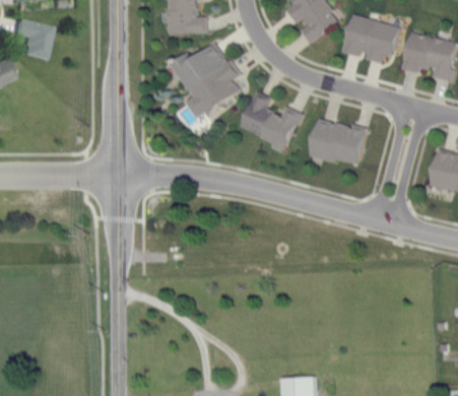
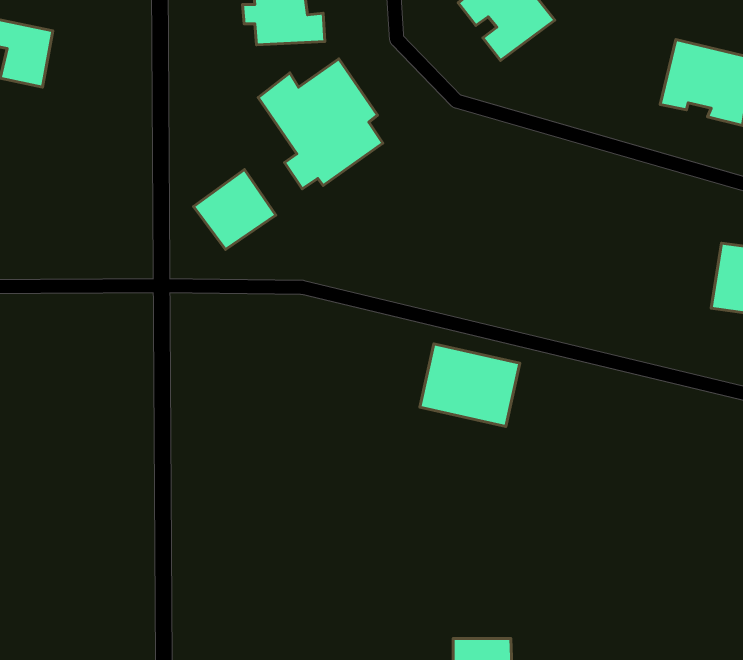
building: [340,13,401,63] -> none
building: [240,91,300,152] -> none
building: none -> [193,169,276,250]
building: [310,118,368,166] -> [420,344,520,427]

